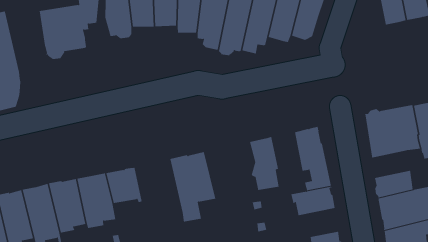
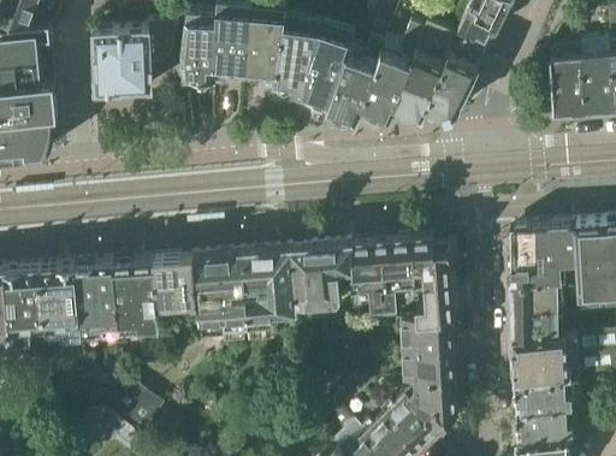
building: none -> [381,241,415,312]
building: none -> [289,245,354,328]
building: none -> [508,286,561,316]
building: none -> [188,255,248,344]
building: none -> [396,350,455,384]

